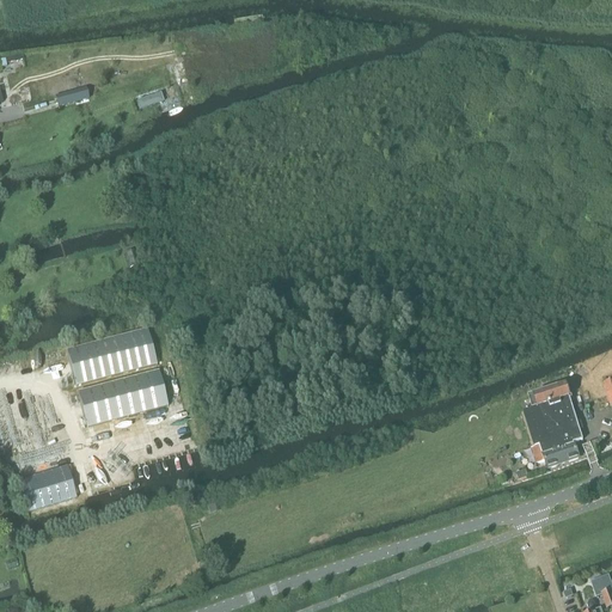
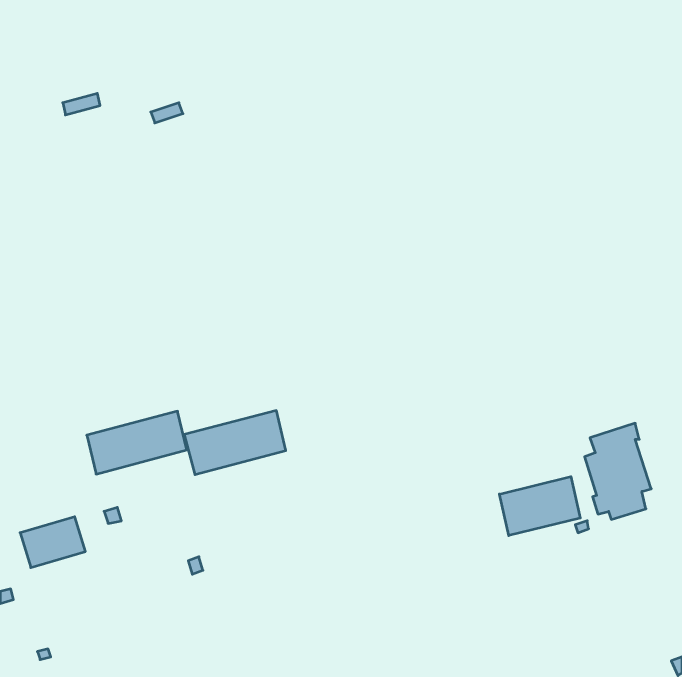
building: [66,326,157,384] -> [184,411,286,475]
building: none -> [499,477,580,536]

